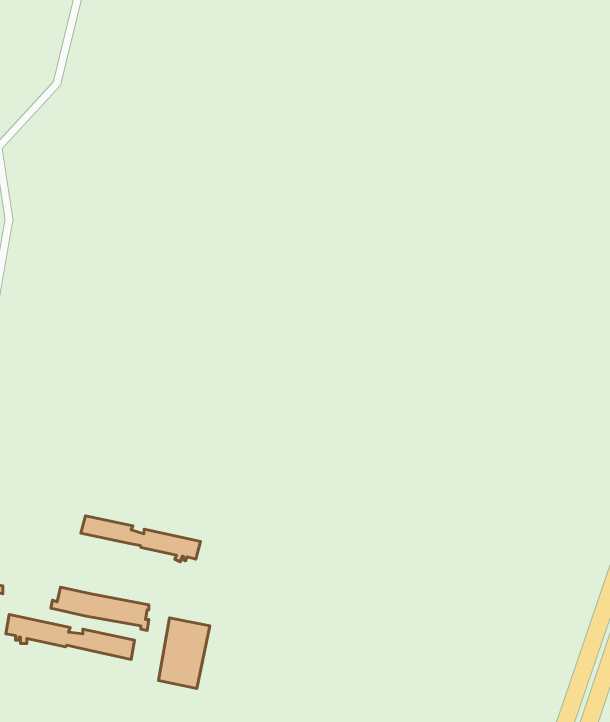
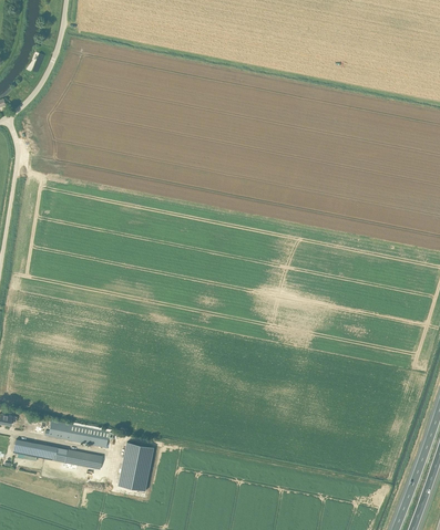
building: [81,516,201,562] -> none

